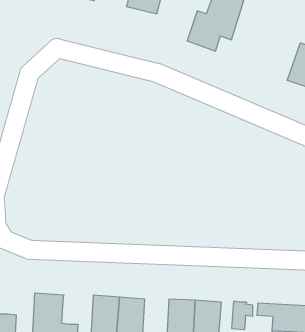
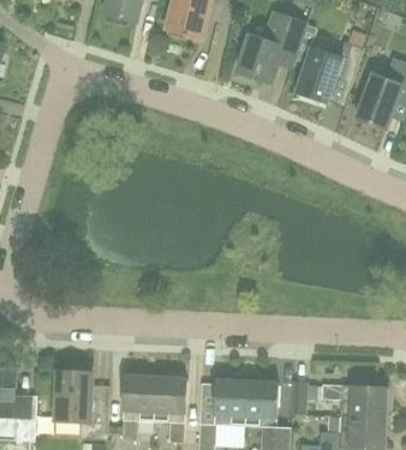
building: none -> [293,32,362,103]

